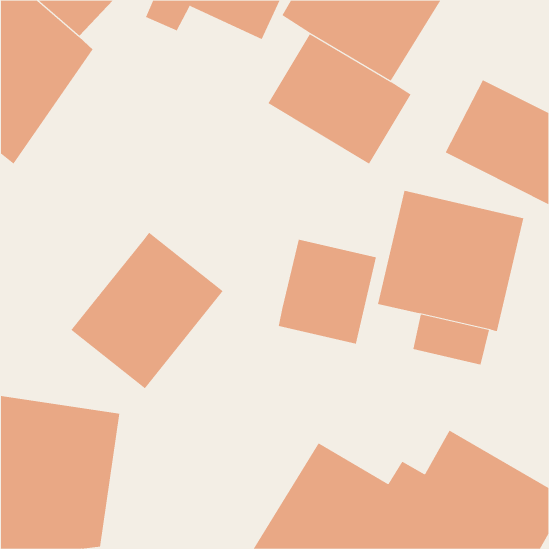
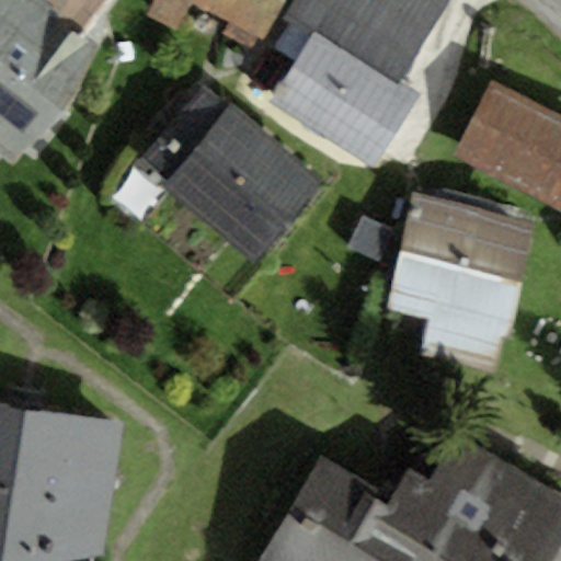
building: none -> [141,90,325,265]
building: [70,232,223,389] -> none
building: [278,239,376,345] -> none

